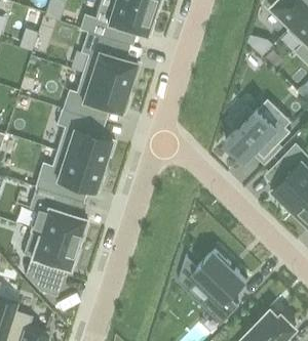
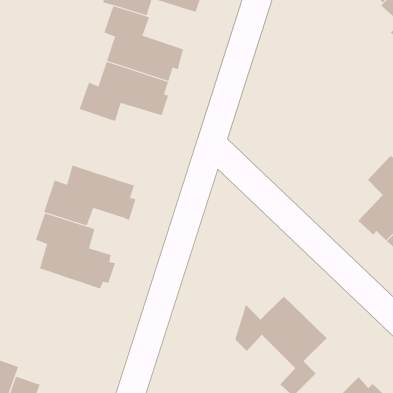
building: [225,104,291,162] -> none
building: [55,110,115,167] -> none
building: [23,229,80,297] -> none

